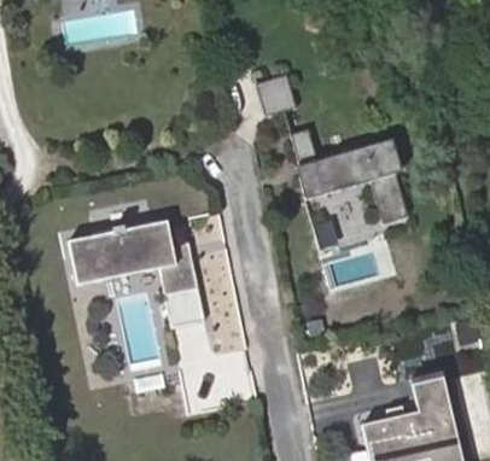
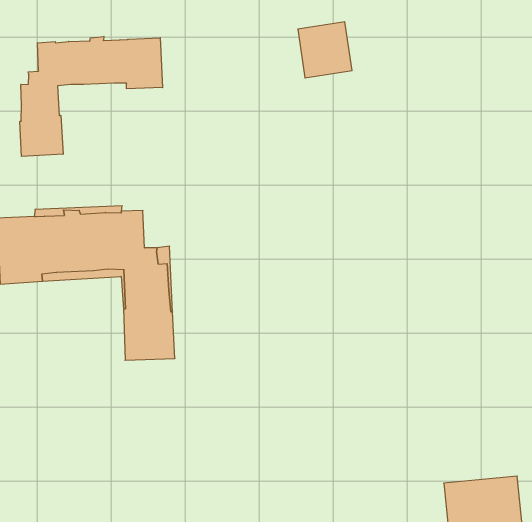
building: none -> [20,36,163,156]
building: [288,129,406,224] -> none

